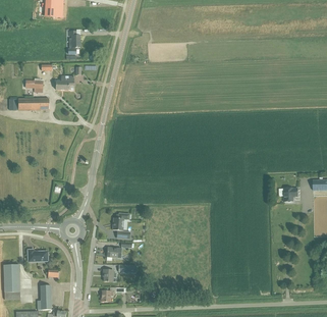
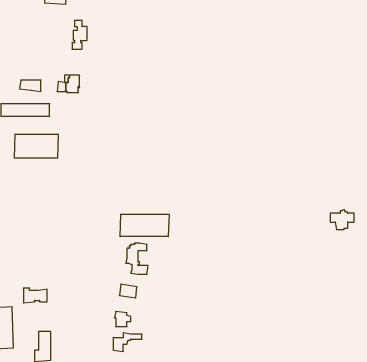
building: none -> [14,134,58,158]
building: none -> [120,214,169,237]

